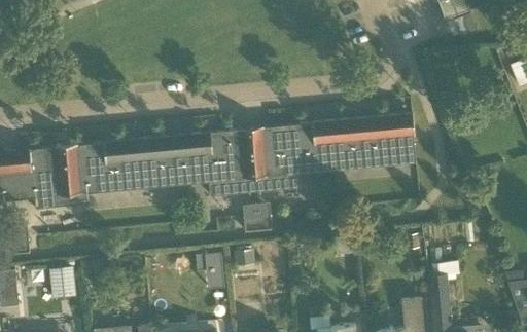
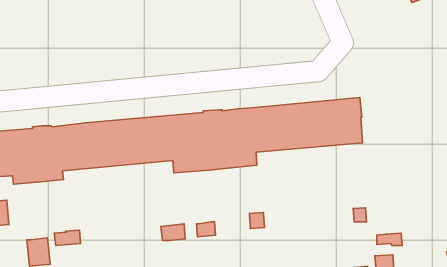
building: [243,204,272,232] -> none

